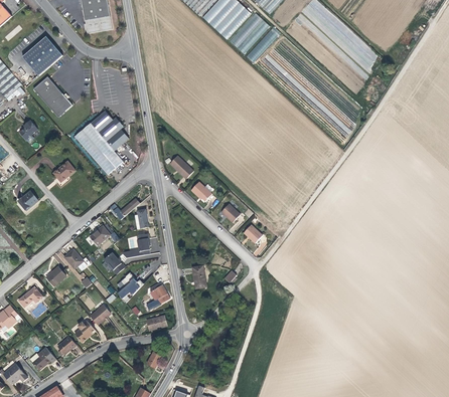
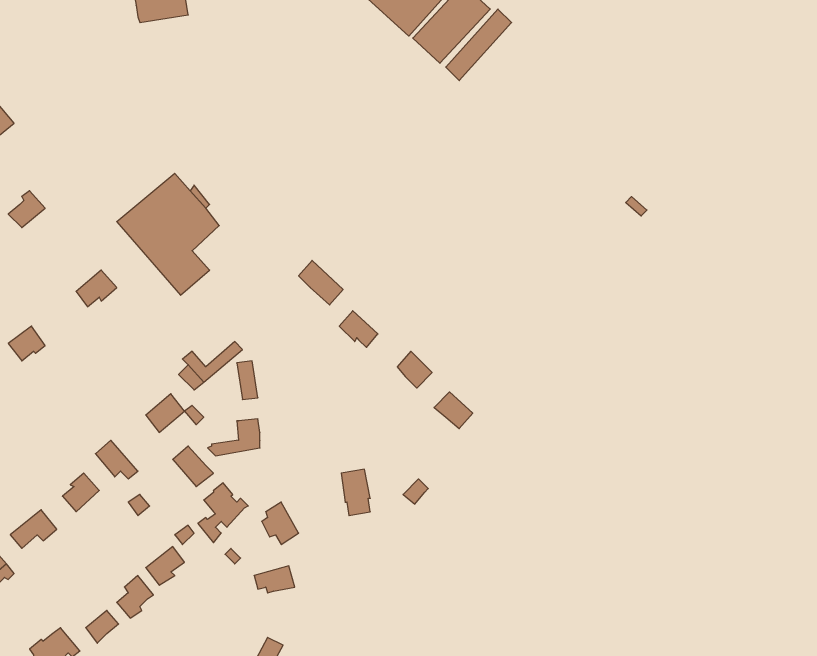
building: [22,35,63,75] -> none
building: [33,76,71,117] -> none

